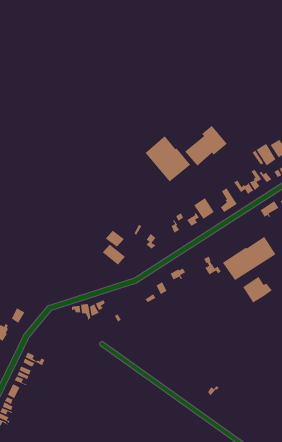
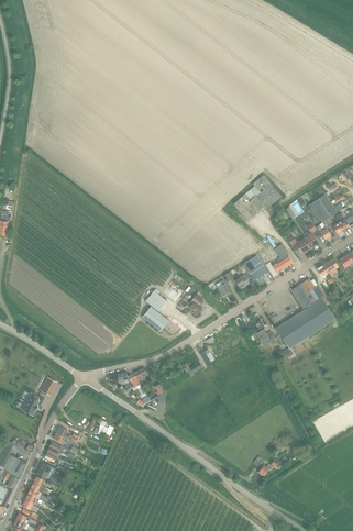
building: [144,135,191,182] -> none
building: [242,276,273,304] -> [289,278,323,309]

